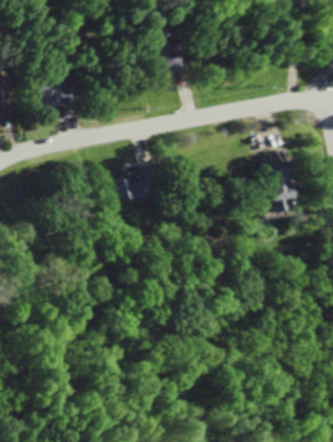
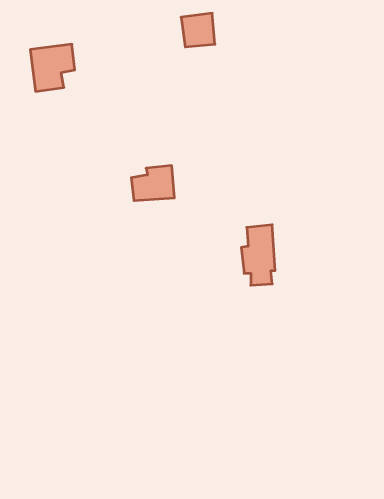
building: [266,161,294,211] -> [241,225,275,285]

